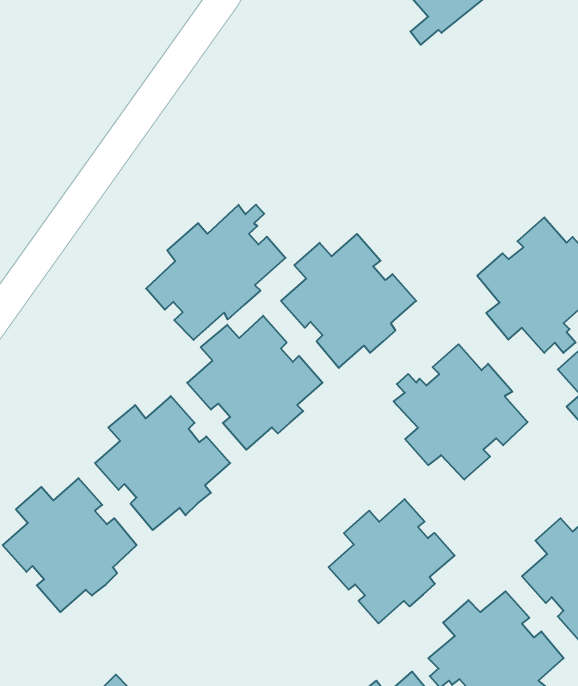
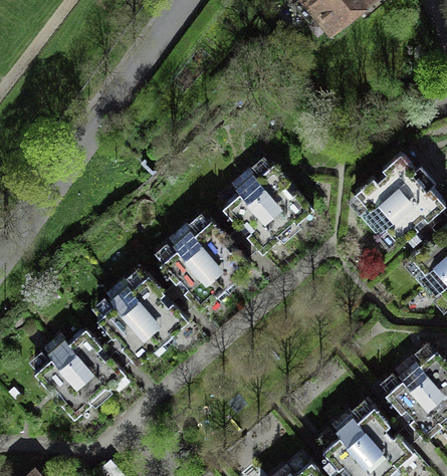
building: [146,205,286,340] -> none
building: [394,344,528,480] -> none
building: [329,499,455,623] -> none

